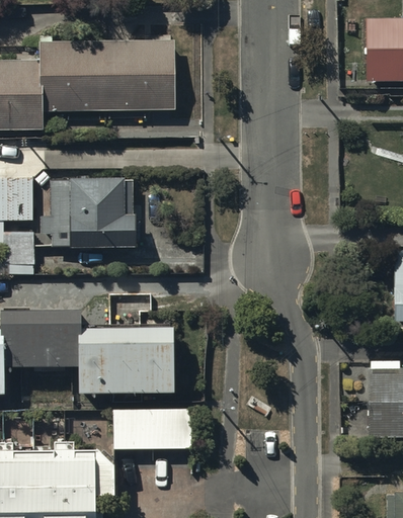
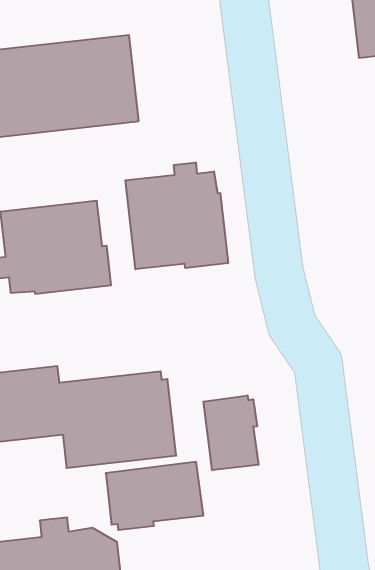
building: none -> [125,162,228,269]
building: none -> [203,395,258,470]

